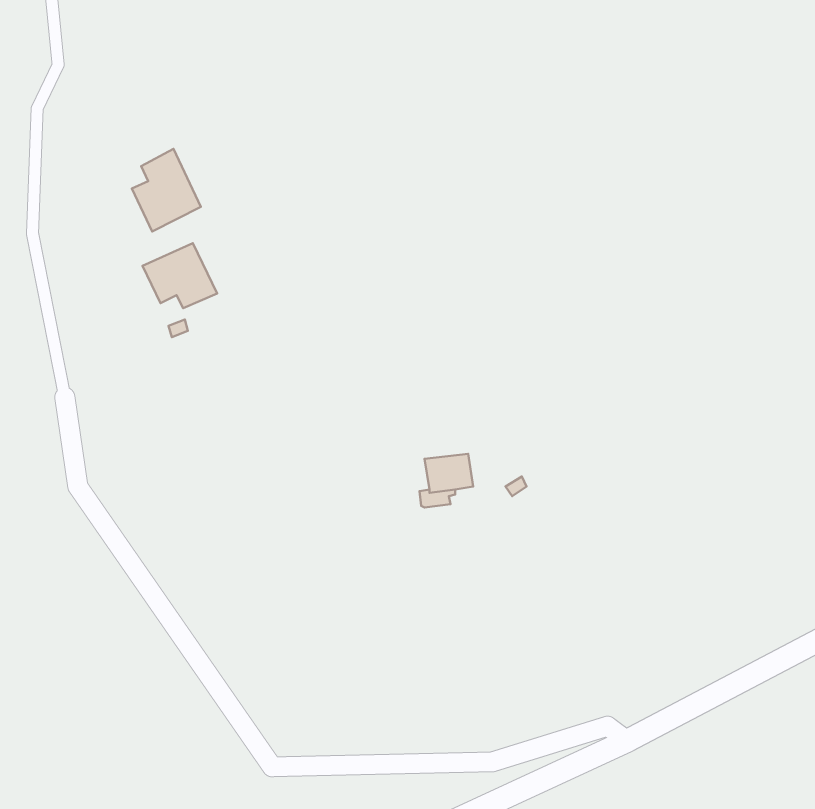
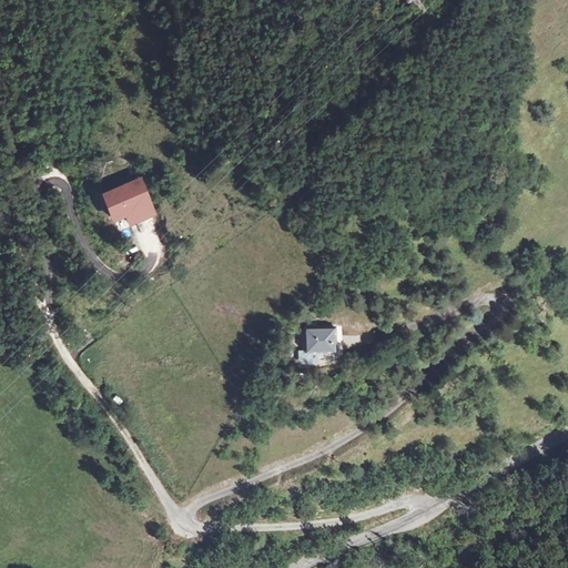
building: [132,149,201,231] -> none

